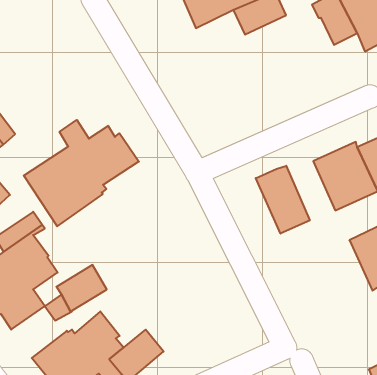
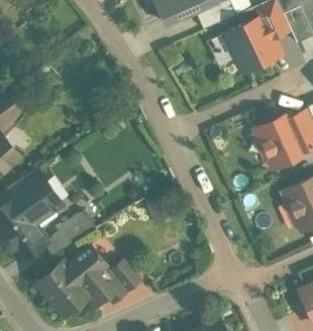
building: none -> [224,17,280,72]
building: [24,120,139,226] -> none
building: [256,166,310,234] -> none

